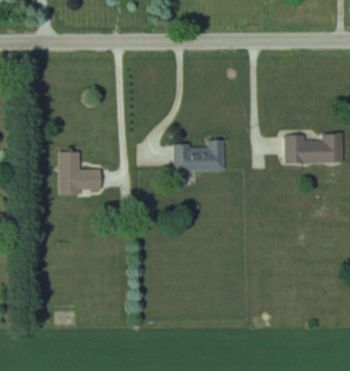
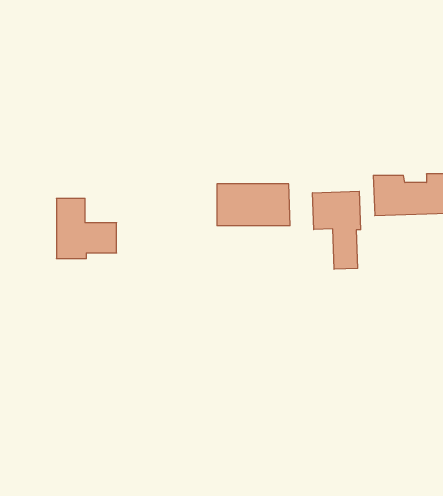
building: none -> [313,191,361,269]

